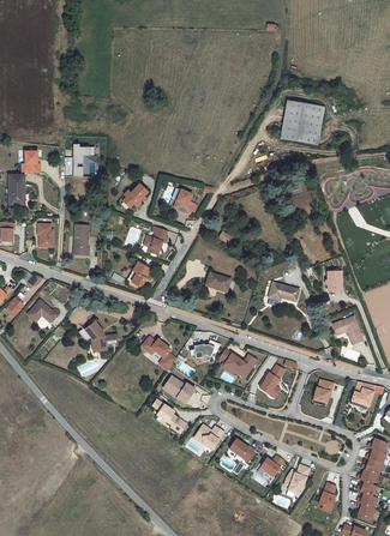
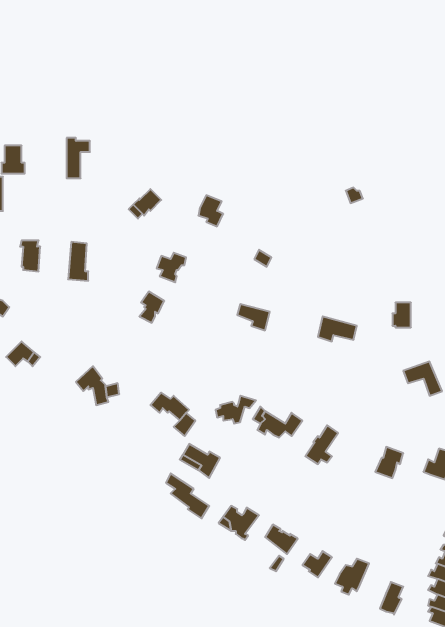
building: [280,100,324,145] -> none

